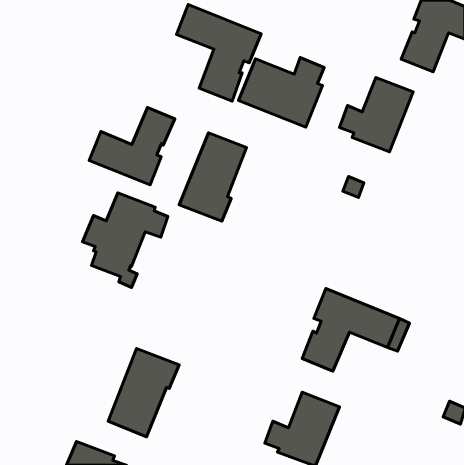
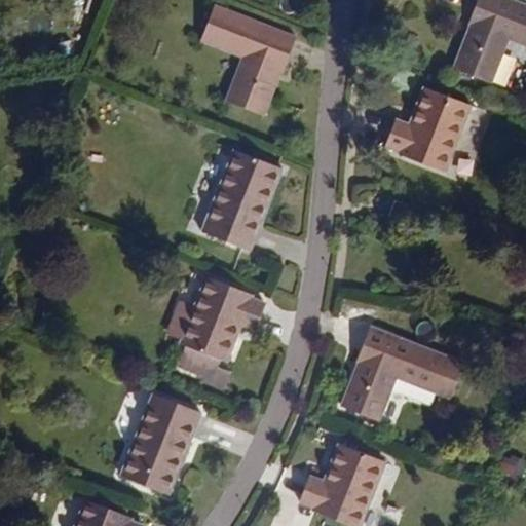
building: [239,57,324,127] -> none
building: [89,108,175,185] -> none
building: [82,193,168,287] -> [168,276,265,383]

